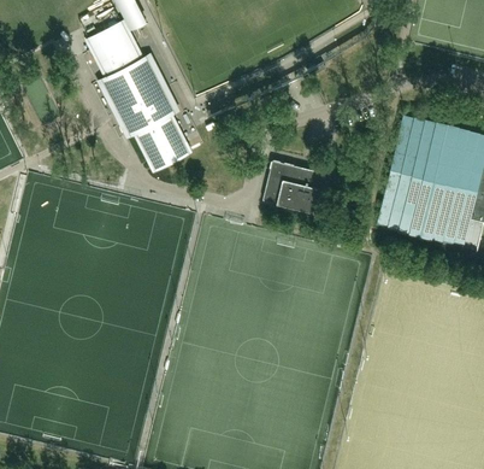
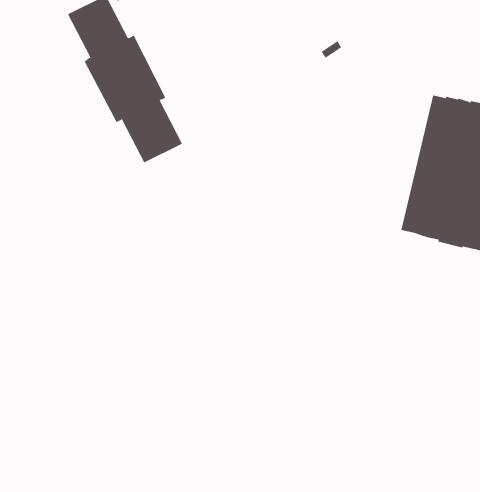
building: [262,160,330,216] -> none

